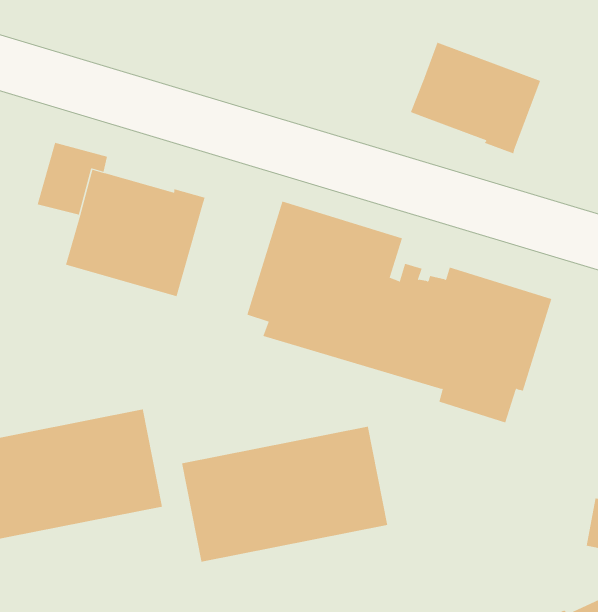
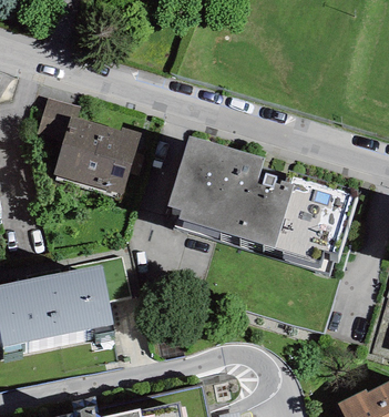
building: [410,42,541,154] -> none
building: [181,426,388,563] -> none

